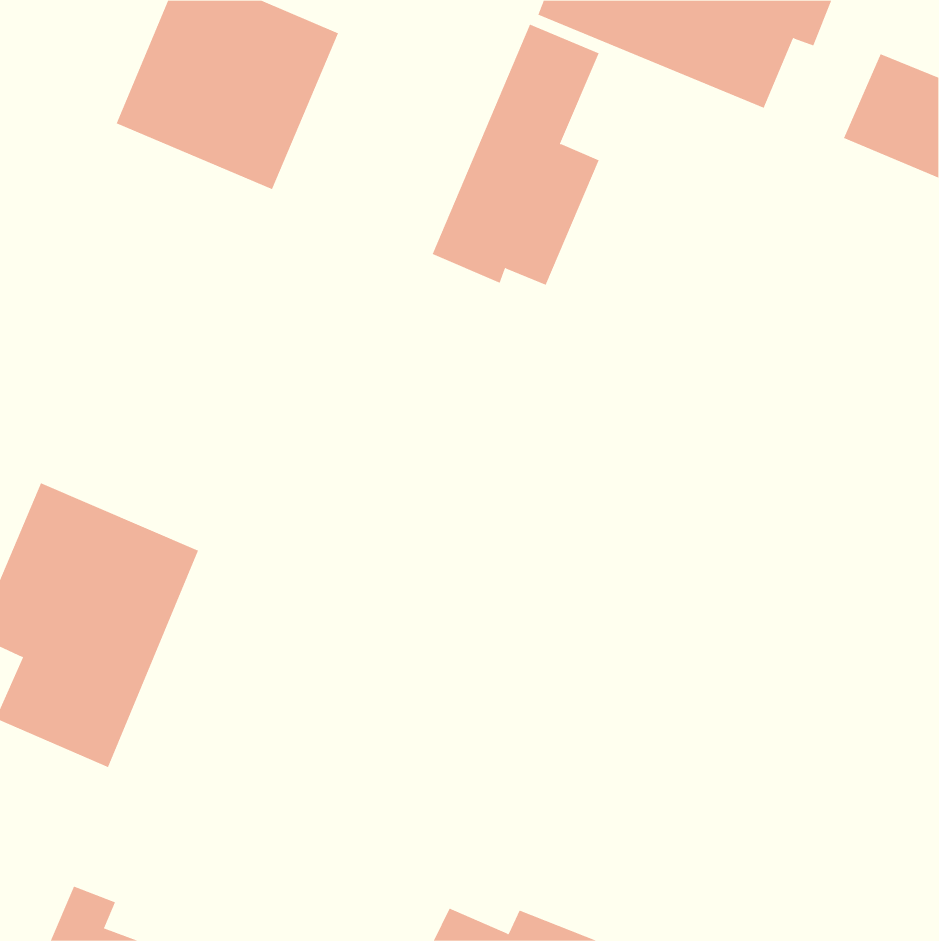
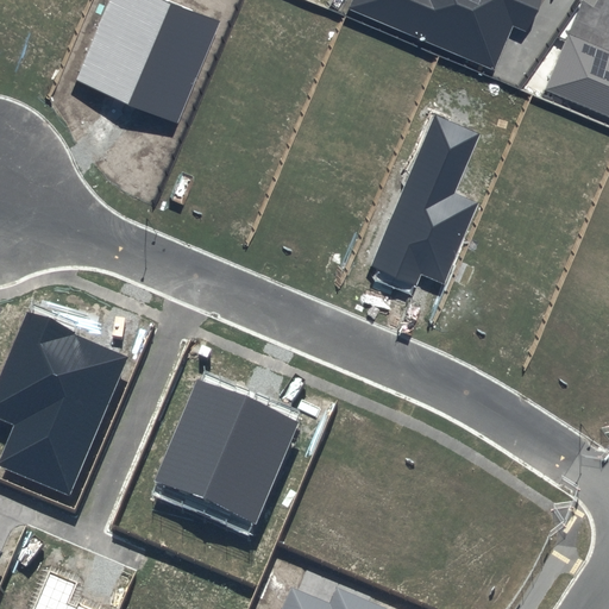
building: [432,24,599,285] -> [370,117,478,285]
building: none -> [153,379,299,526]

